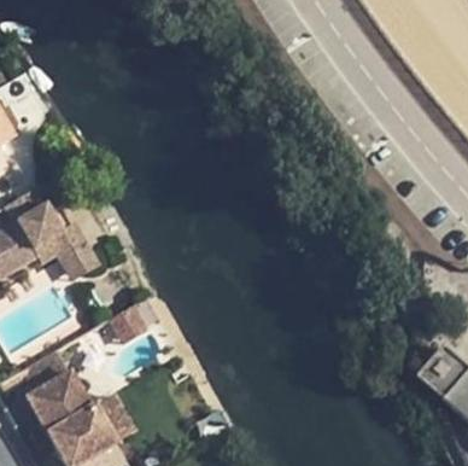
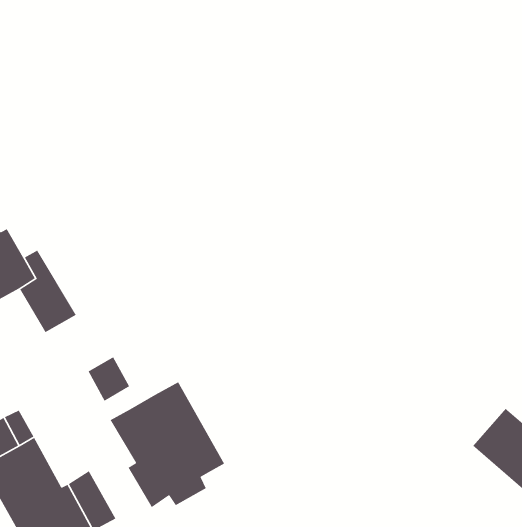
building: none -> [109,381,225,508]

